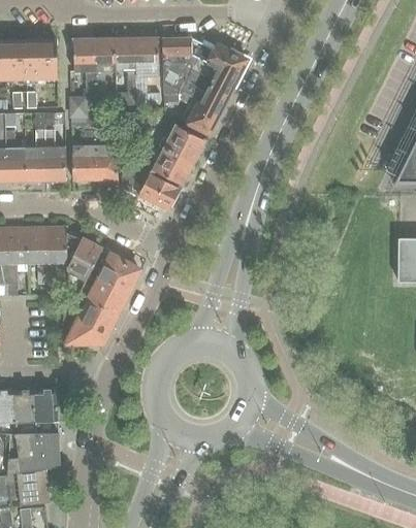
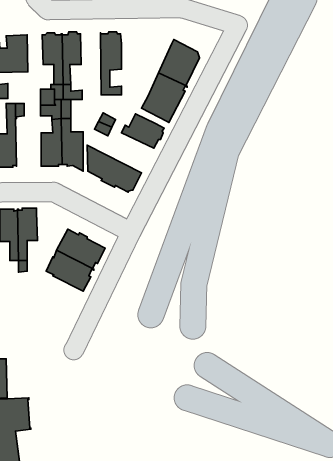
building: [115,36,137,104] -> none
building: [162,37,214,105] -> none
building: [44,130,66,182] -> none
building: [152,145,194,185] -> none
building: [67,232,101,280] -> none
building: [64,298,116,344] -> none
building: [34,389,59,432] -> none

